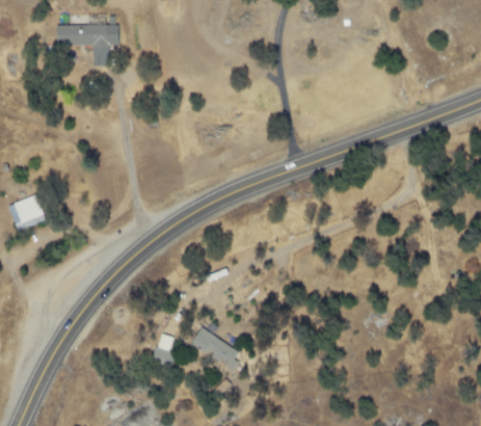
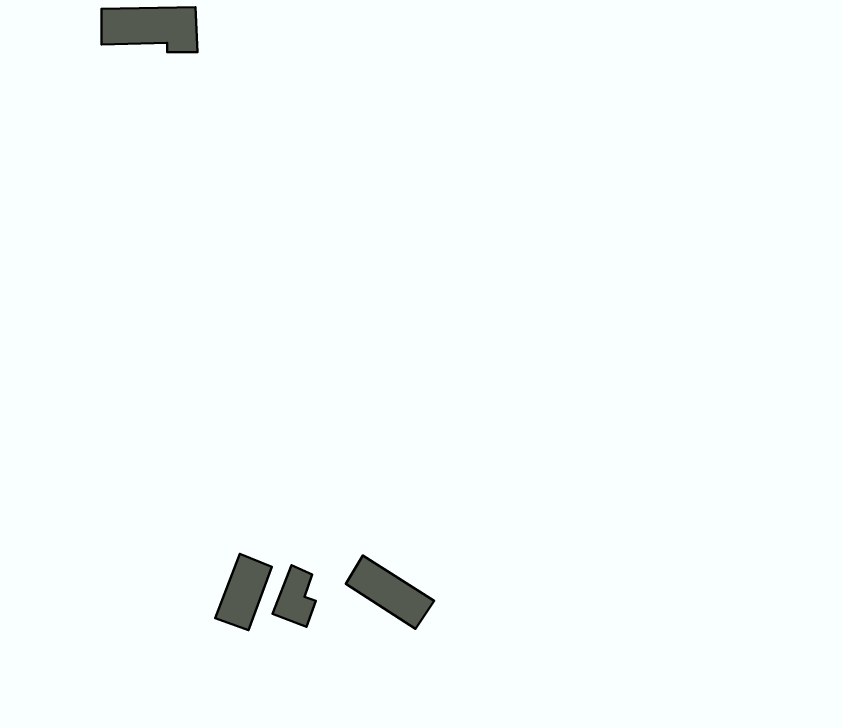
building: [8,194,47,232] -> none
building: none -> [215,554,272,630]

